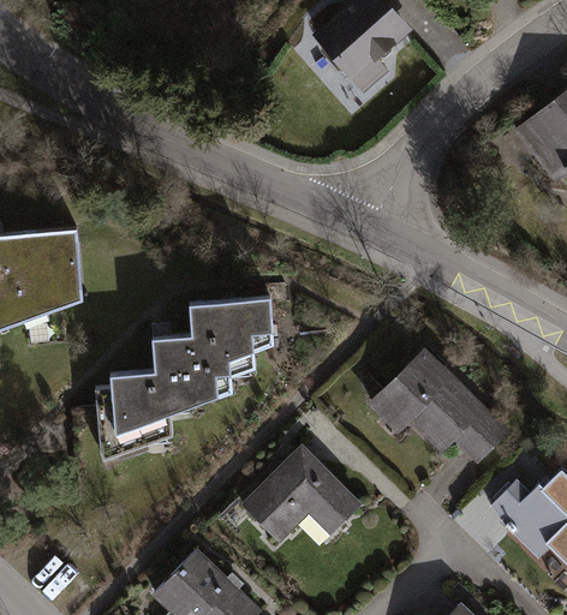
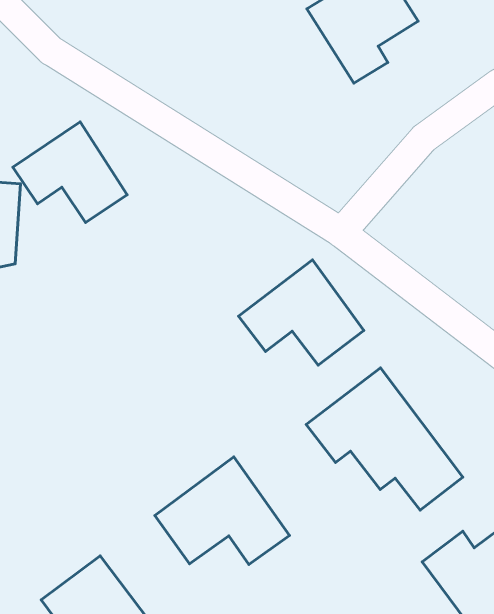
building: none -> [13,122,127,223]
building: none -> [238,260,364,365]
building: [96,294,276,462] -> none

